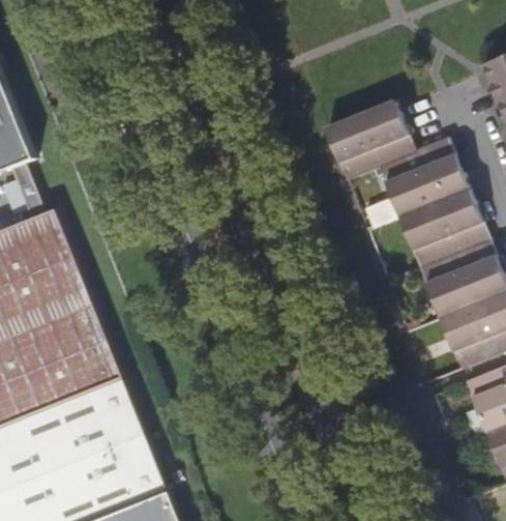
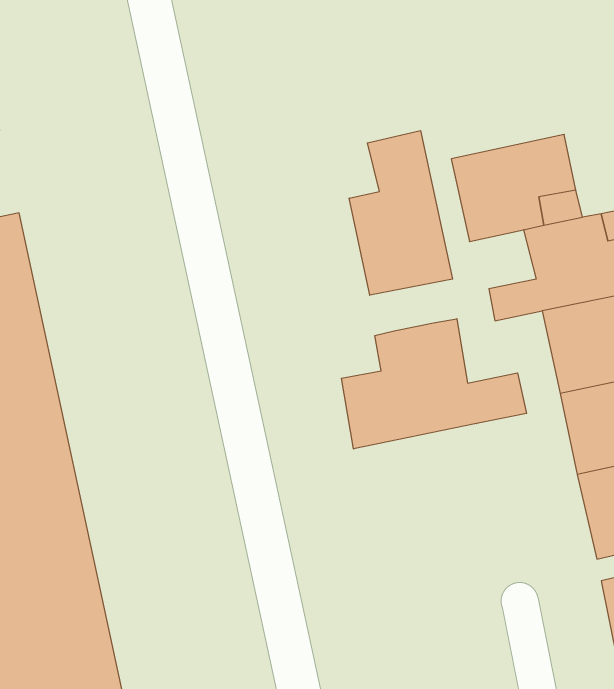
building: none -> [349,131,453,295]
building: none -> [341,319,527,449]

